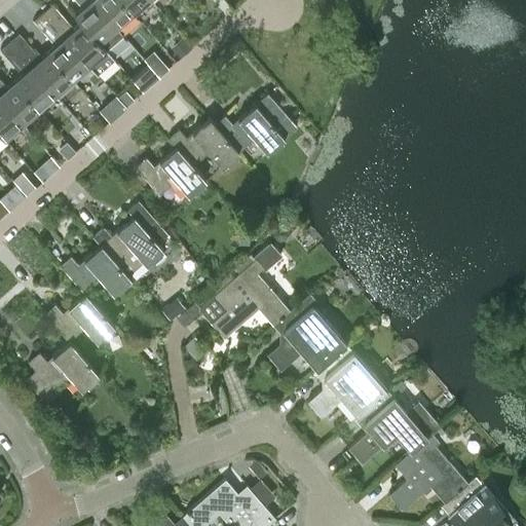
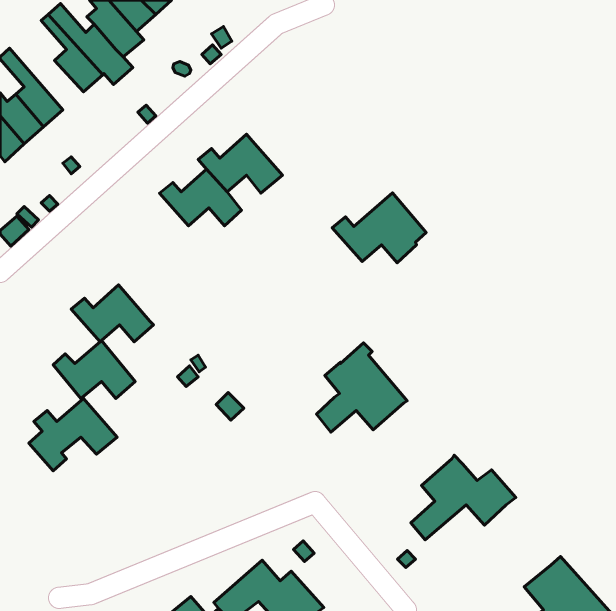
building: [9,38,72,99] -> none
building: [216,96,296,155] -> [332,193,426,263]
building: [95,202,171,278] -> none
building: [199,245,291,340] -> none
building: [309,348,387,418] -> none
building: [390,435,469,512] -> none

